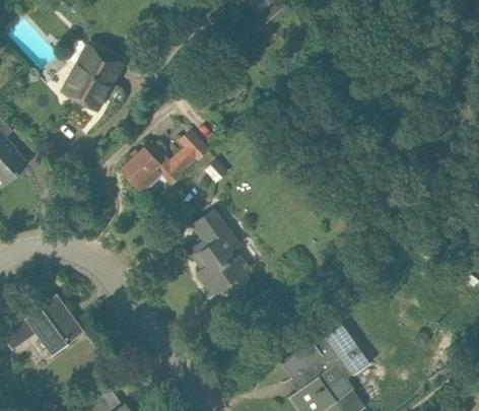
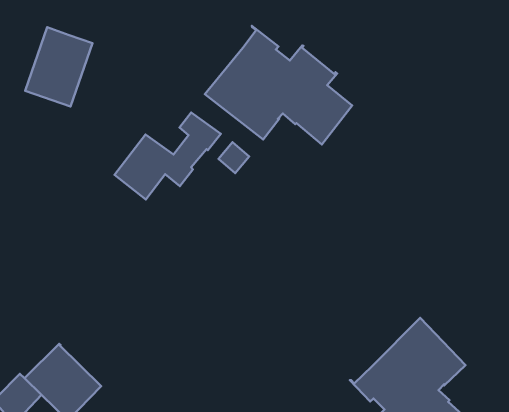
building: none -> [205,26,352,145]
building: [192,210,249,295] -> none

